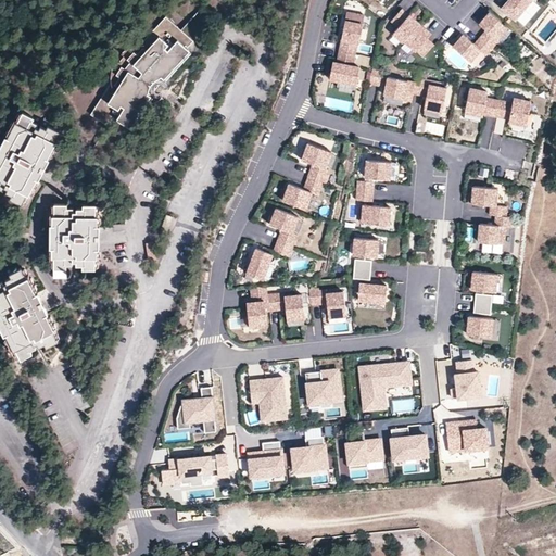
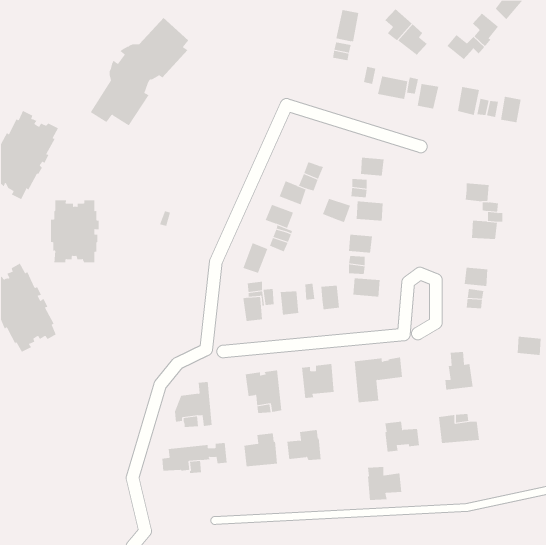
building: [330,63,359,85] -> none
building: [302,144,331,169] -> [322,198,351,223]
building: [467,317,492,337] -> [517,336,541,355]
building: [346,433,382,468] -> [367,466,402,501]

